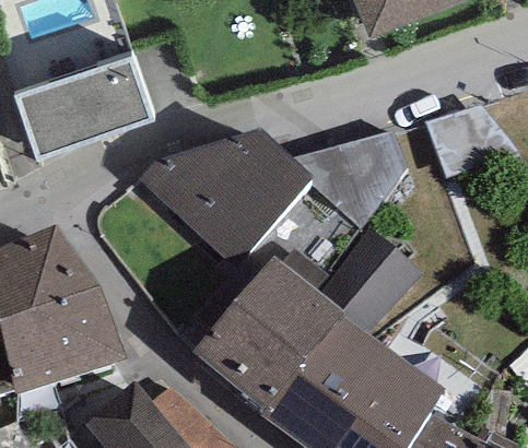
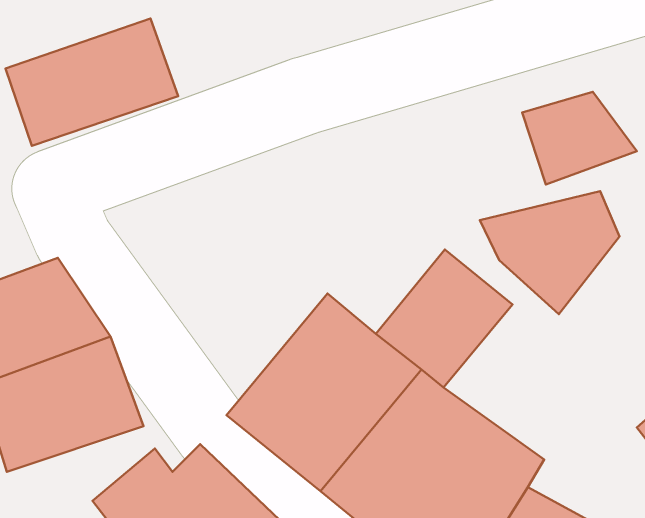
building: [300,129,410,226] -> [480,191,619,314]
building: [139,137,310,272] -> none

